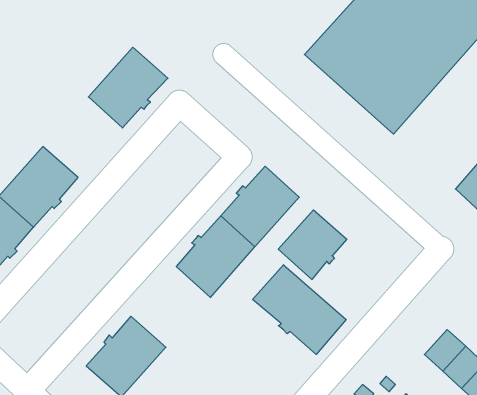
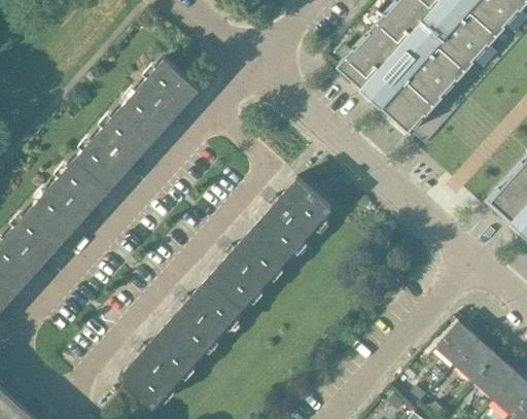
building: none -> [75,108,154,188]
building: [278,210,347,279] -> none
building: [253,265,346,354] -> none
building: none -> [163,277,242,357]
building: none -> [436,322,478,364]

